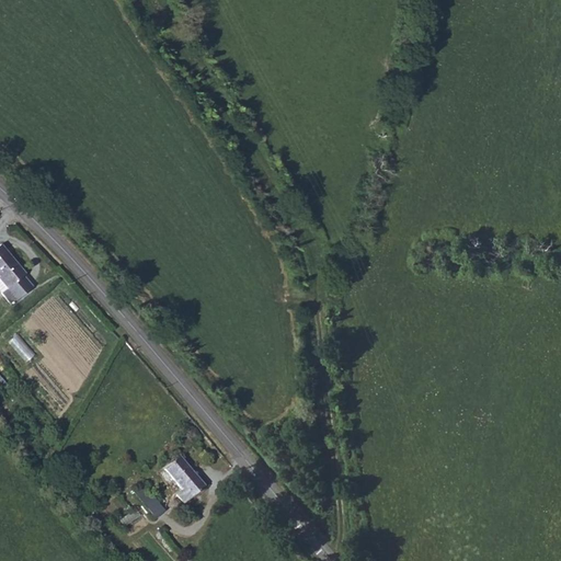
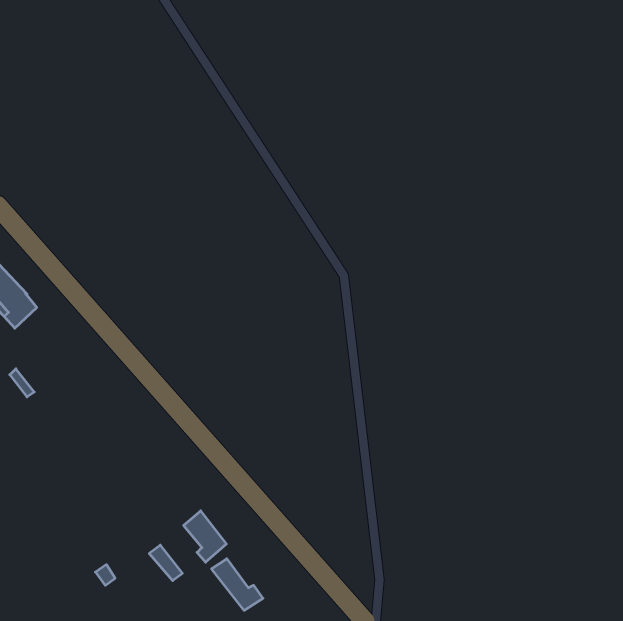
building: none -> [212,559,263,610]

